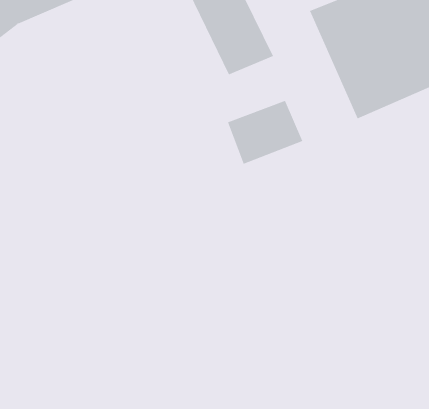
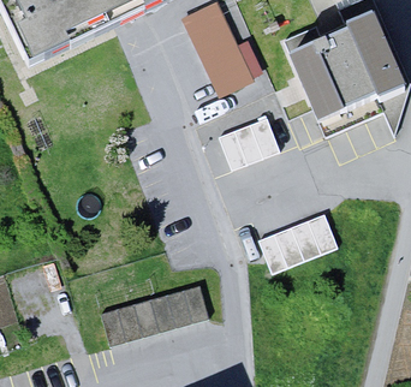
building: none -> [256,210,336,272]
building: none -> [99,282,207,344]

